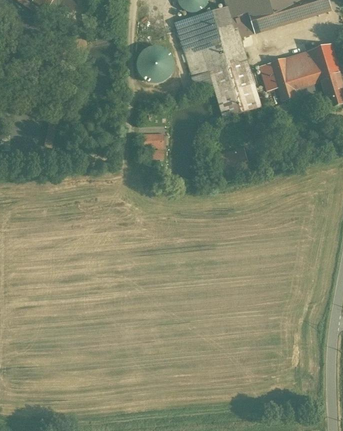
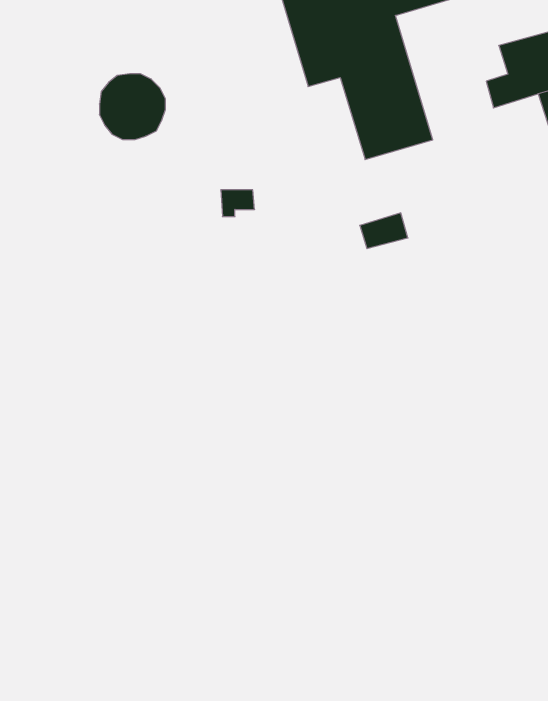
building: [135,44,172,81] -> [99,74,165,140]
building: [259,57,297,100] -> none

